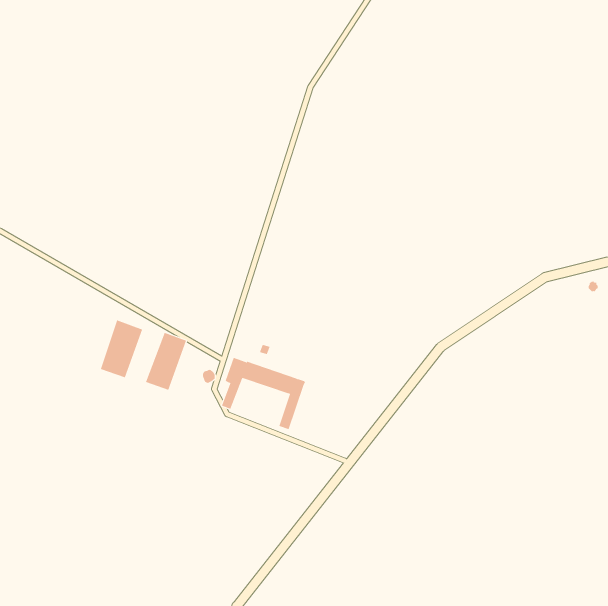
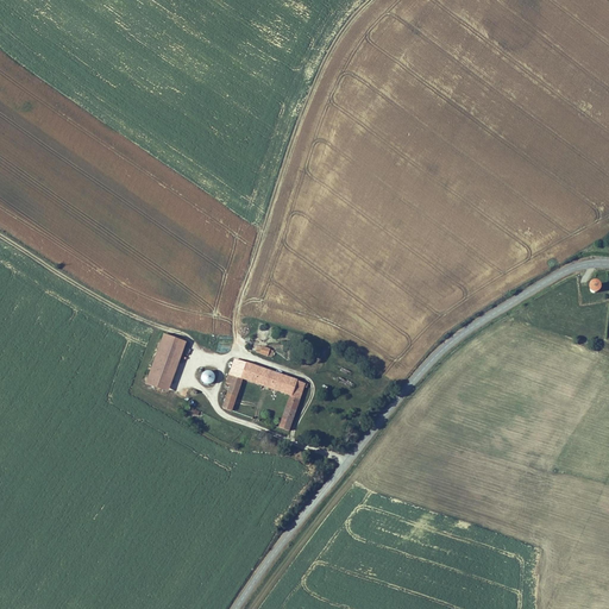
building: [100,320,143,378] -> none

